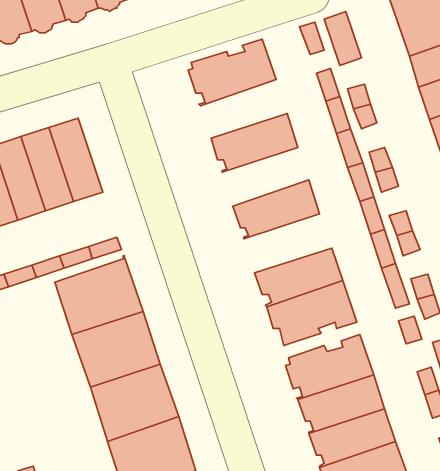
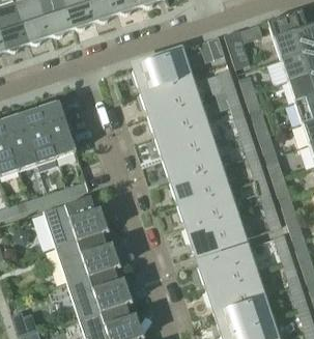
building: none -> [141,75,199,114]
building: none -> [155,120,213,160]
building: none -> [170,165,229,204]

